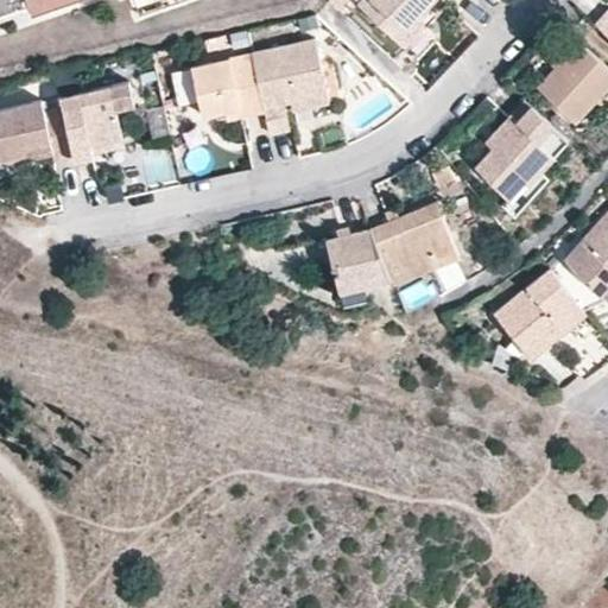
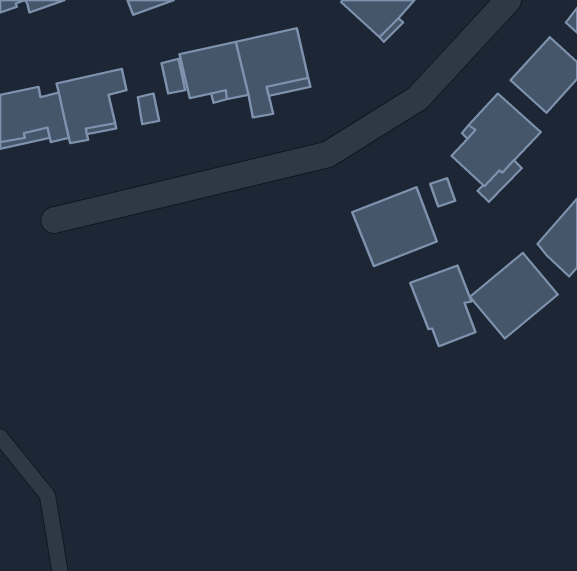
building: [325,229,391,294] -> none
building: none -> [410,265,476,346]

